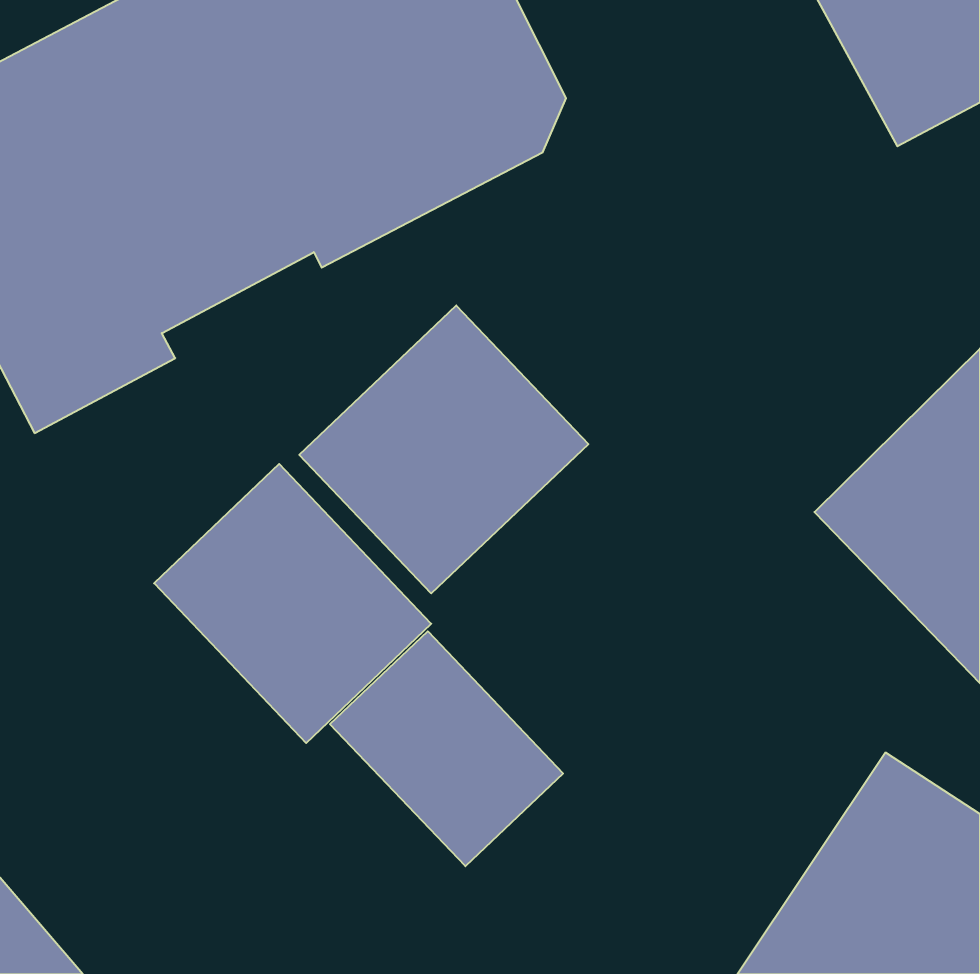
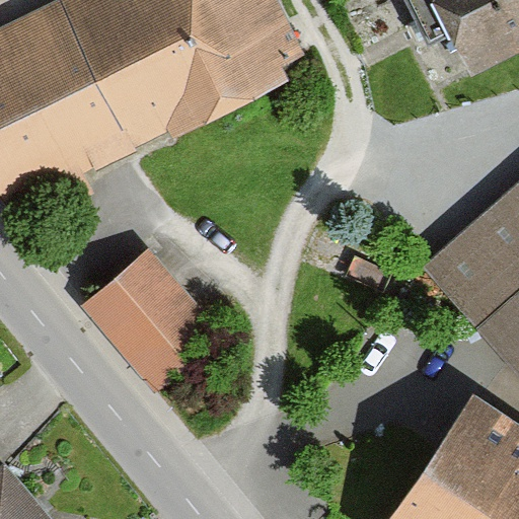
building: [299,305,588,593] -> none
building: [330,631,563,866] -> none

